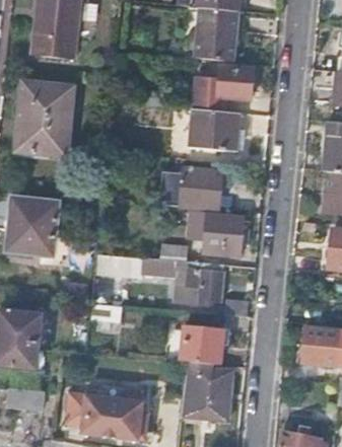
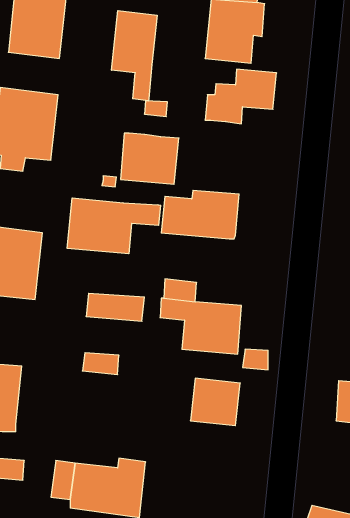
building: none -> [112,11,157,101]
building: [191,108,240,151] -> [121,133,179,184]
building: none -> [67,198,161,254]
building: [188,211,244,255] -> none
building: [182,362,232,420] -> none

